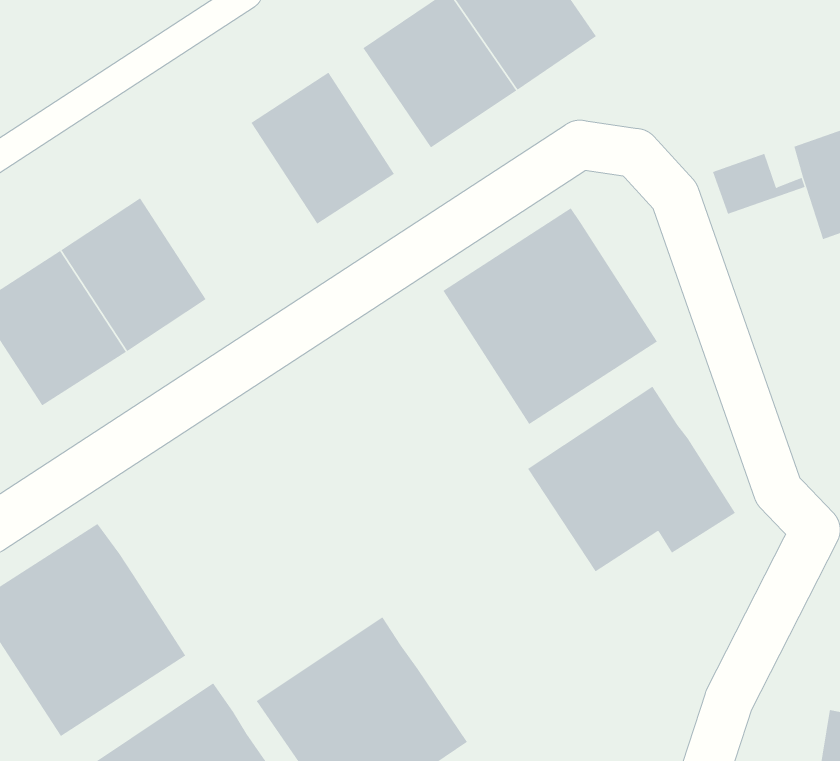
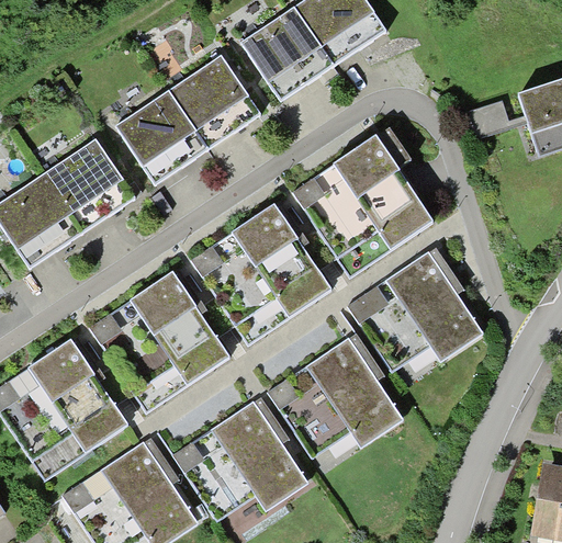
building: none -> [119,81,212,179]
building: none -> [194,206,330,343]
building: none -> [93,274,228,409]
building: none -> [269,339,402,457]

